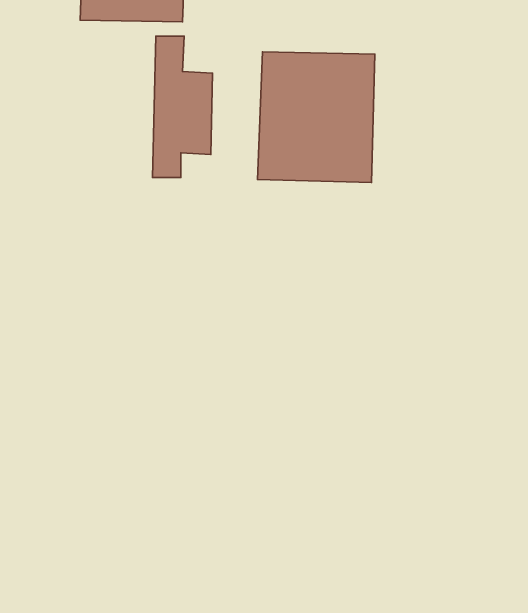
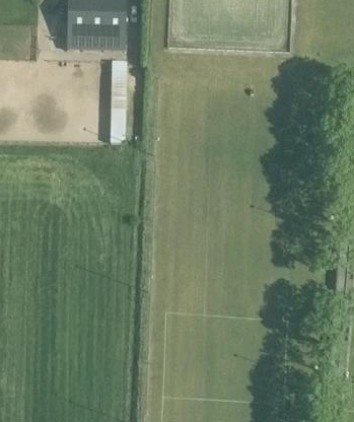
building: [257,52,375,182] -> none

